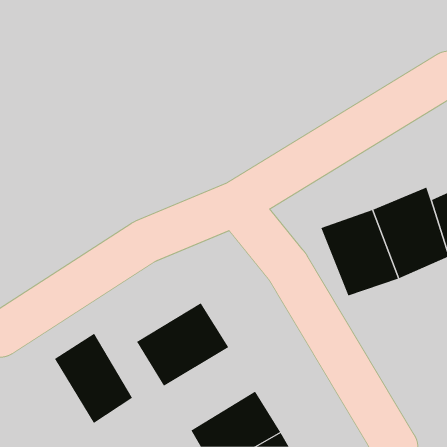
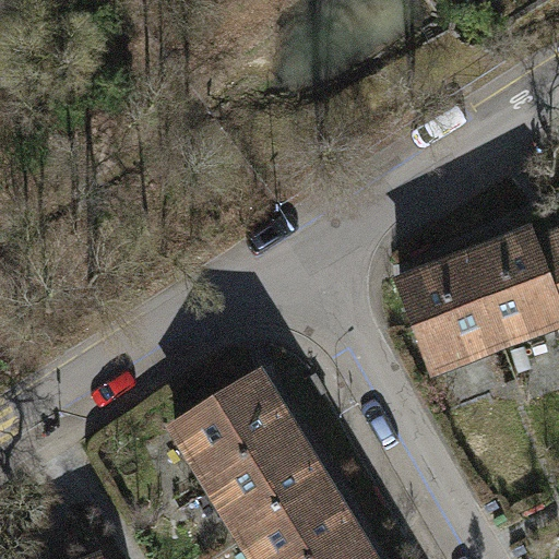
building: [54,333,133,424] -> none
building: none -> [205,432,320,536]

